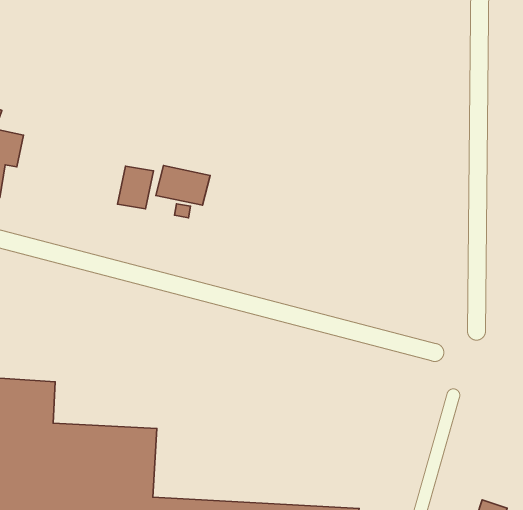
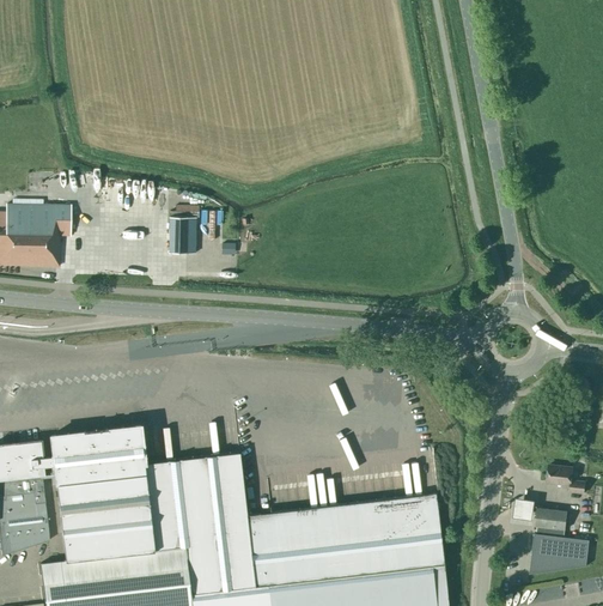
building: [156,166,210,205] -> none

